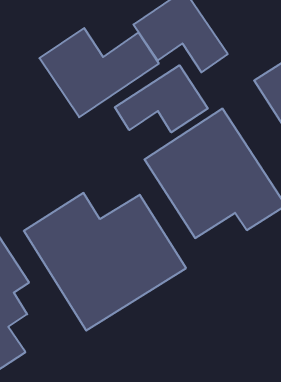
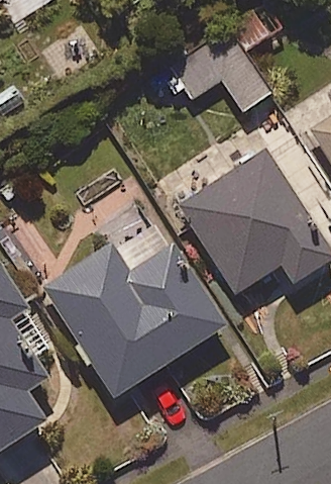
building: [39,28,159,117] -> none
building: [115,65,208,132] -> none

